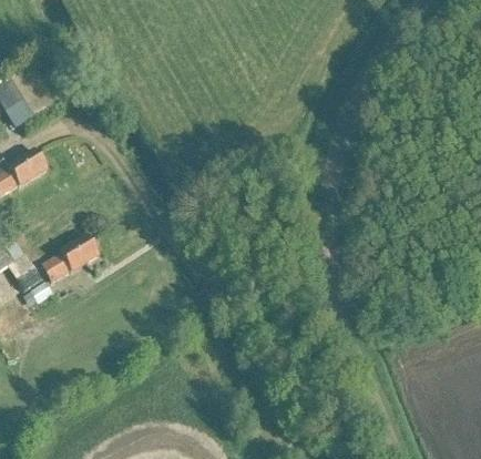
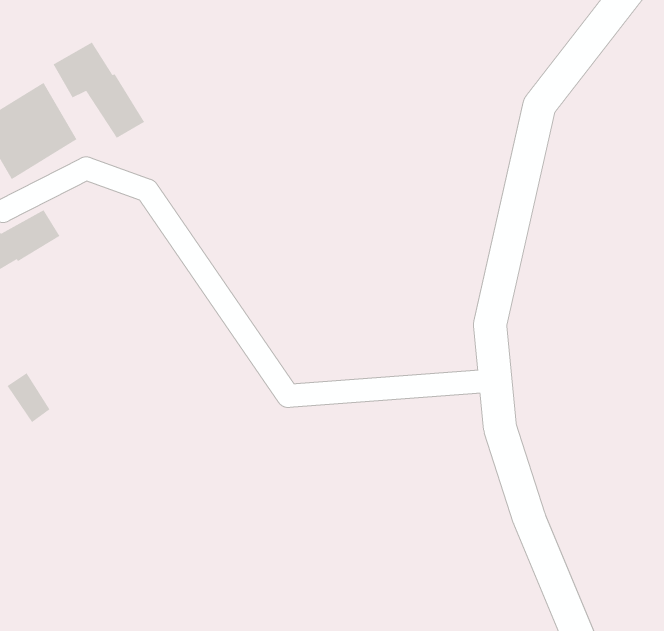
building: none -> [53,41,145,139]
building: [42,236,99,282] -> none

